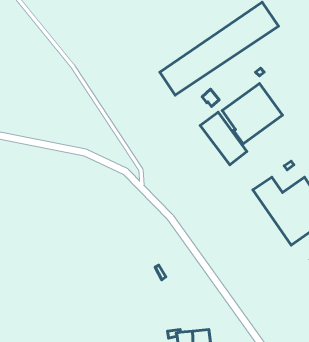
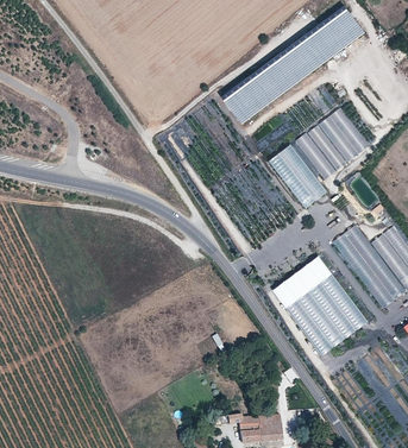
building: none -> [272,255,368,355]

